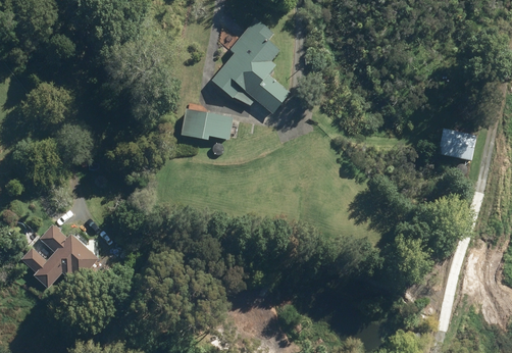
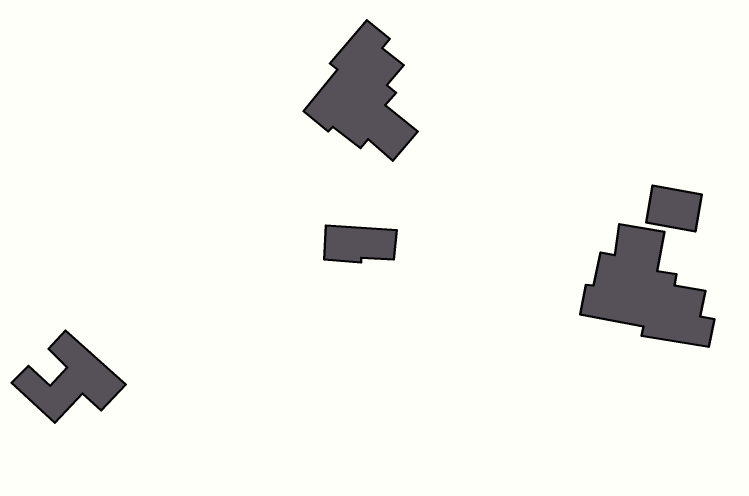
building: [183,113,231,138] -> [324,226,397,263]
building: none -> [580,224,714,347]

